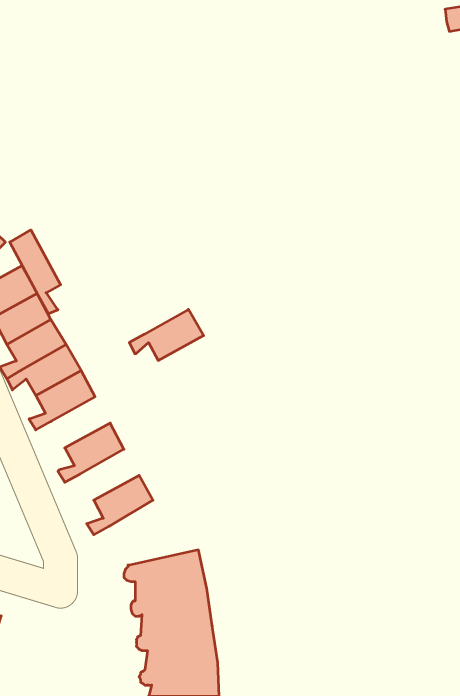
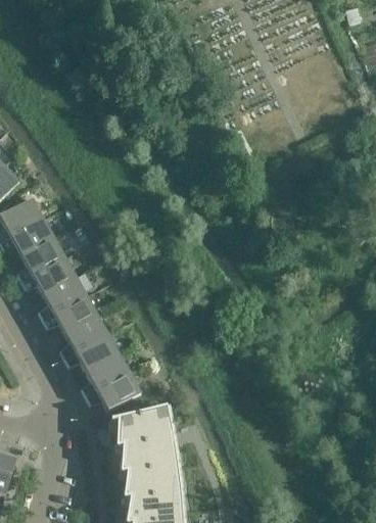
building: [10,230,61,314] -> none
building: [129,309,204,360] -> [43,295,98,333]
building: none -> [64,334,120,372]
building: none -> [86,372,141,411]

